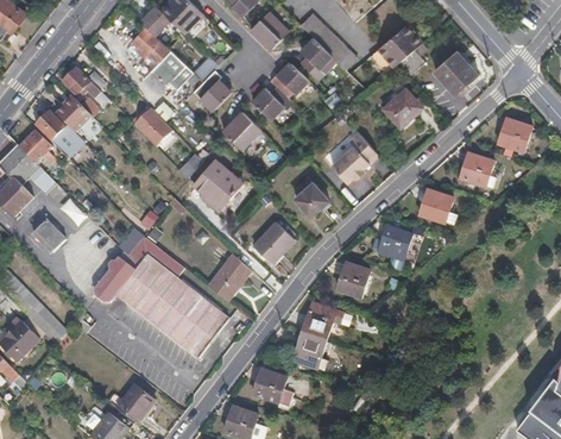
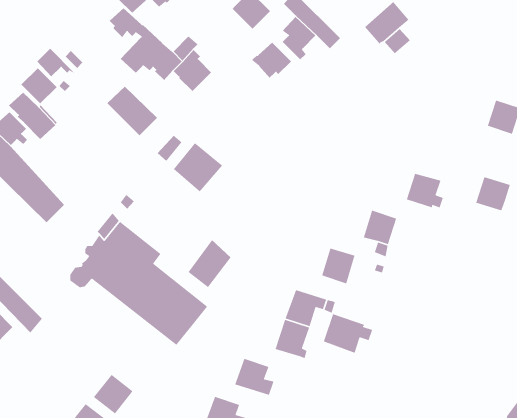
building: [433,51,477,95] -> none
building: [251,86,291,119] -> none
building: [382,88,422,127] -> none
building: [222,111,260,149] -> none
building: [330,131,378,182] -> none
building: [459,152,493,187] -> [475,176,511,212]
building: [294,182,328,217] -> none
building: [31,218,65,252] -> none
building: [252,220,294,263] -> none
building: none -> [323,313,373,354]

